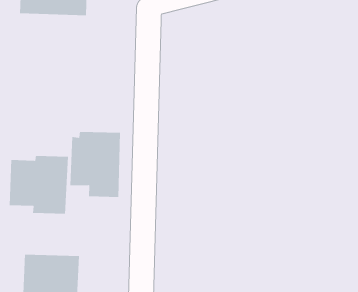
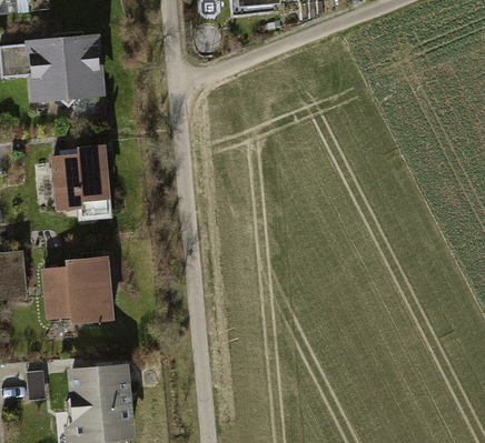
building: [70,132,121,197] -> [51,144,112,220]

